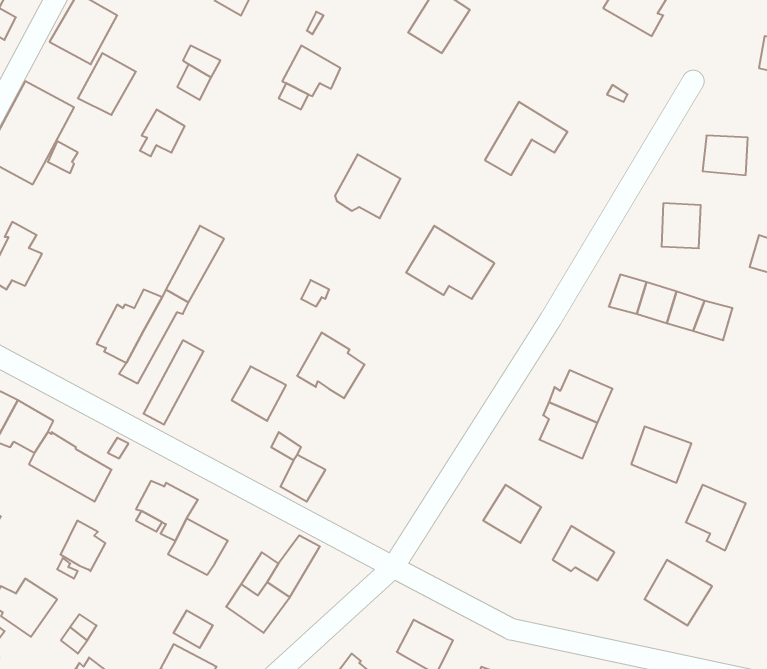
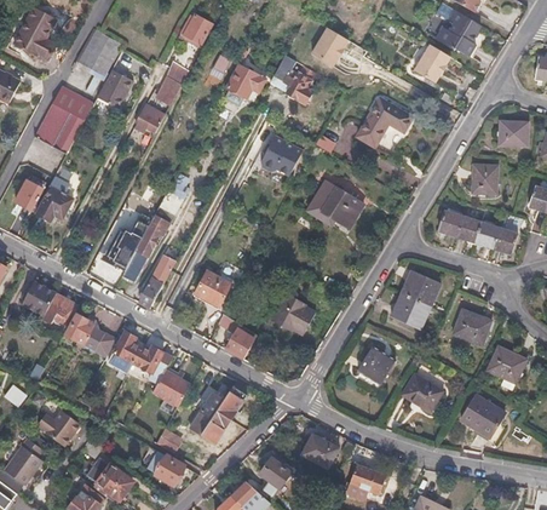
building: none -> [411,44,449,82]
building: none -> [272,56,313,103]
building: [297,333,365,398] -> [272,292,316,334]
building: [60,521,105,571] -> [114,330,143,362]

